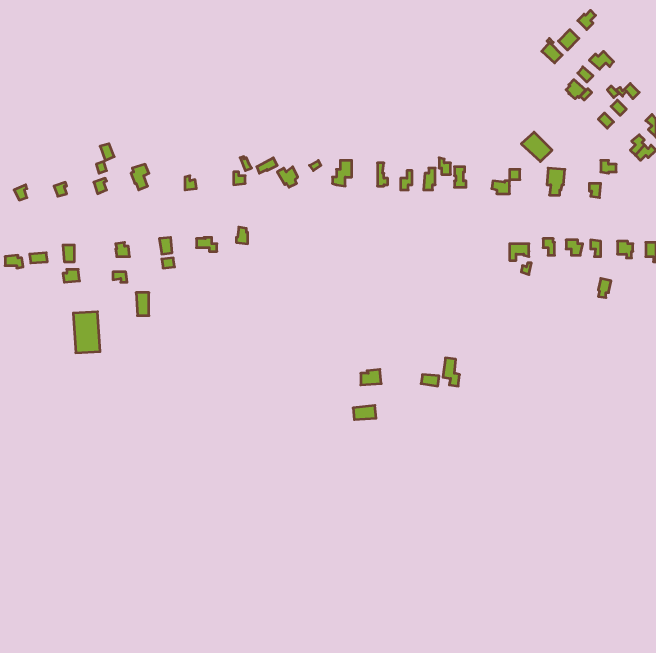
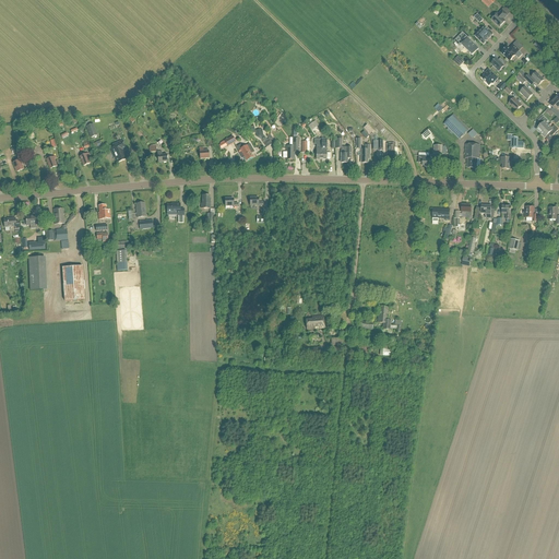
building: none -> [29,255,47,288]

